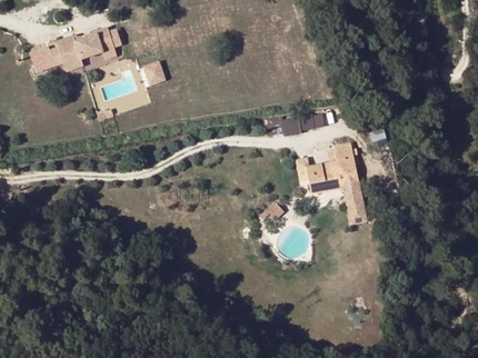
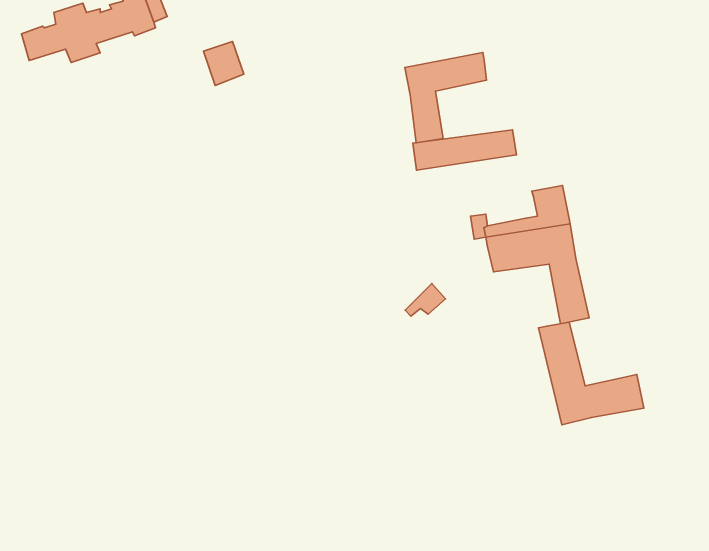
building: none -> [405,52,487,143]
building: none -> [539,322,644,425]

